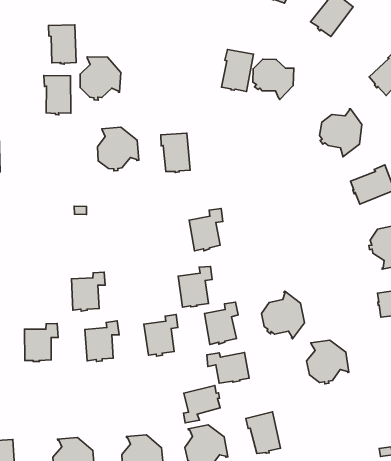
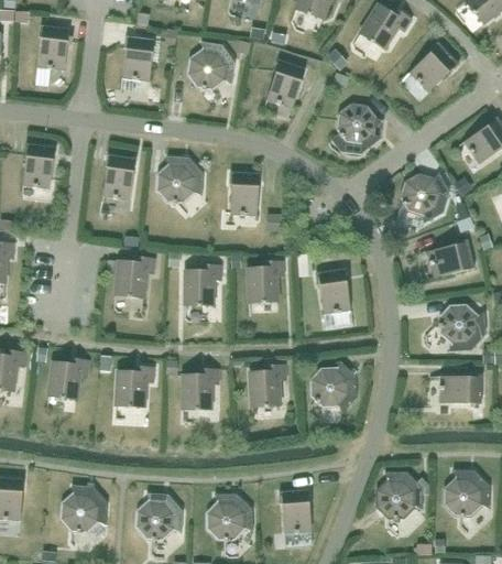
building: [222,50,253,92] -> [265,58,305,107]
building: [80,57,121,100] -> [188,41,234,89]
building: [44,75,71,115] -> [102,153,134,198]
building: none -> [314,268,349,312]
building: [178,267,212,307] -> [184,263,220,305]
building: [72,272,105,311] -> [114,257,154,296]
building: [306,340,349,384] -> [376,471,421,518]
building: [207,353,249,383] -> none
building: [183,385,220,423] -> none

